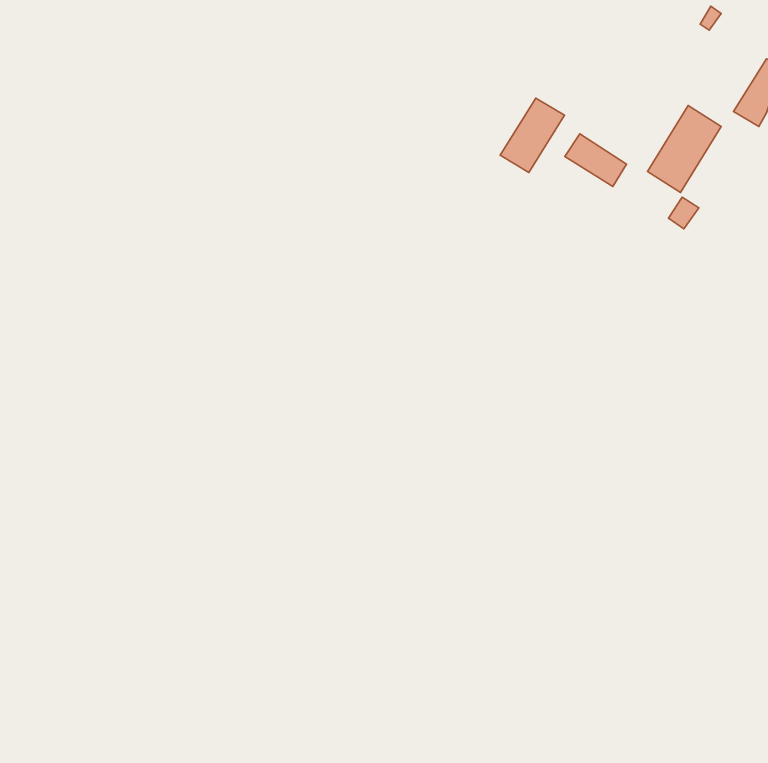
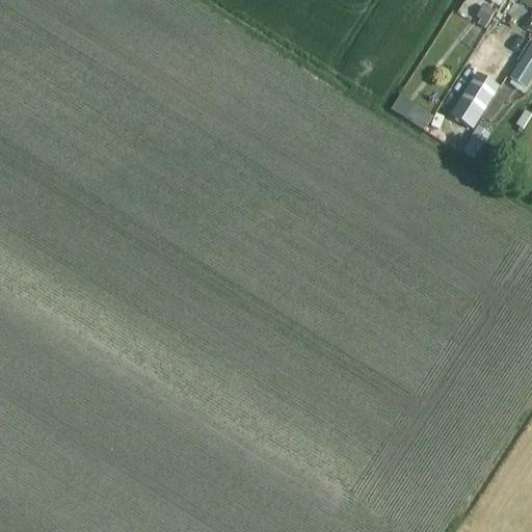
building: [500,98,564,172] -> none

